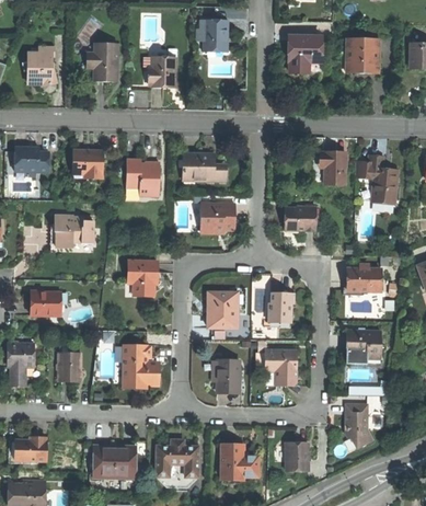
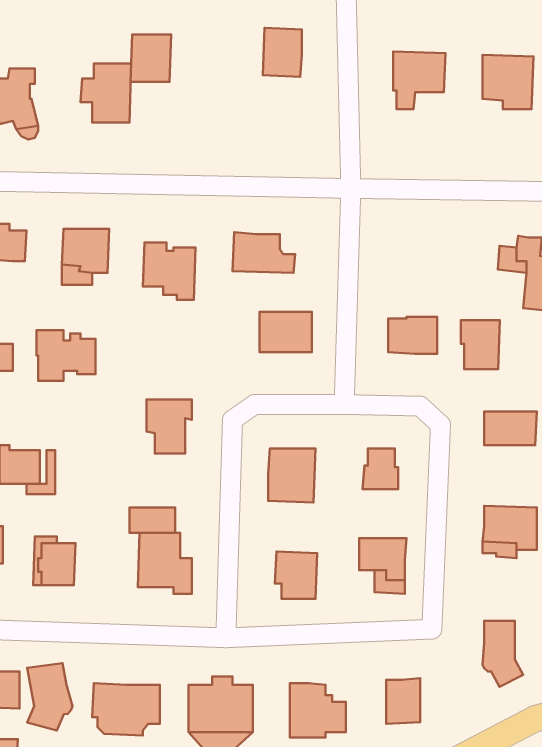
building: [150,56,176,87] -> [131,35,171,82]
building: [321,151,346,183] -> [461,320,500,369]
building: none -> [27,663,72,731]

